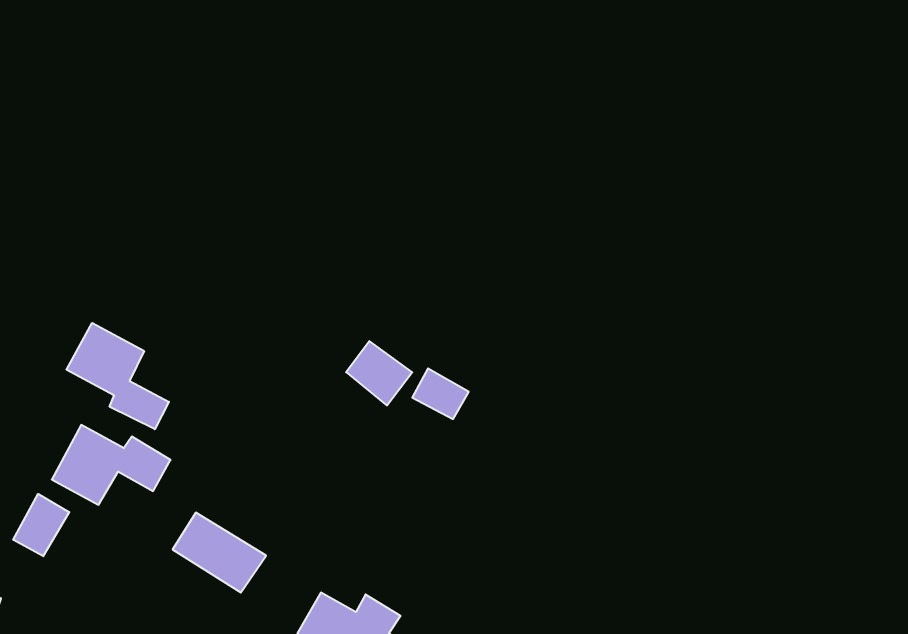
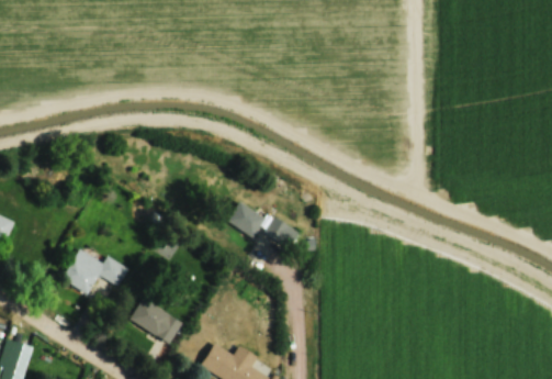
building: [66,323,169,429] -> none
building: [13,494,69,556] -> none

